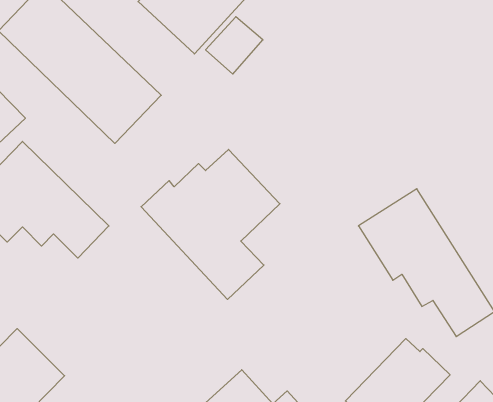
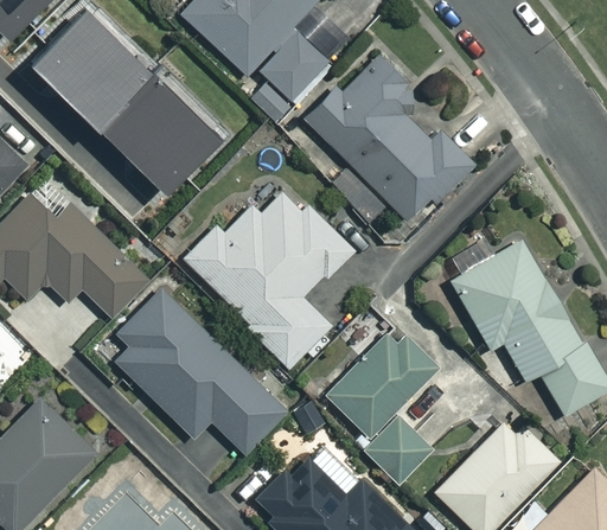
building: none -> [312,53,483,225]
building: none -> [120,292,288,454]
building: none -> [324,325,432,481]

